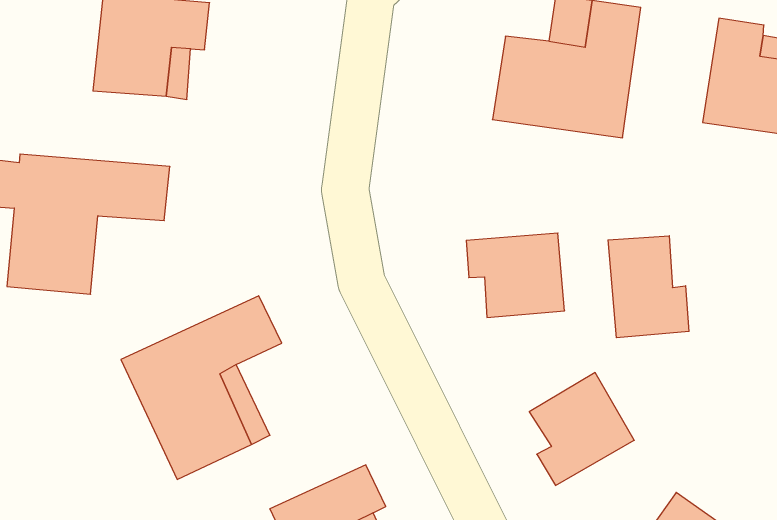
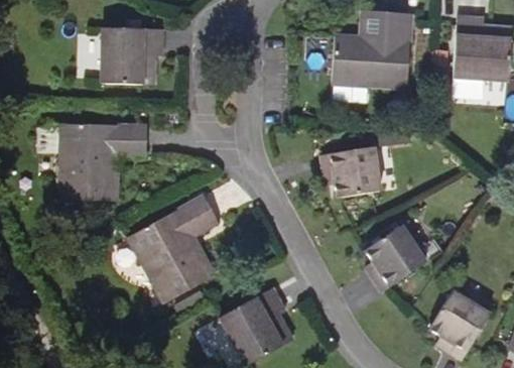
building: [608,236,689,338] -> none

